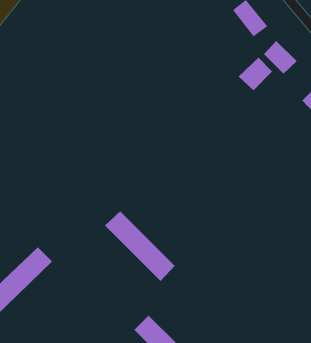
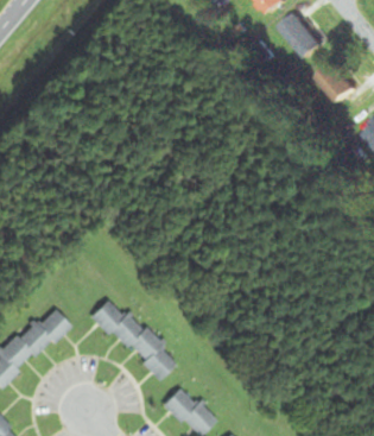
building: [238,57,273,91] -> none
building: [104,210,175,282] -> [91,297,176,381]

